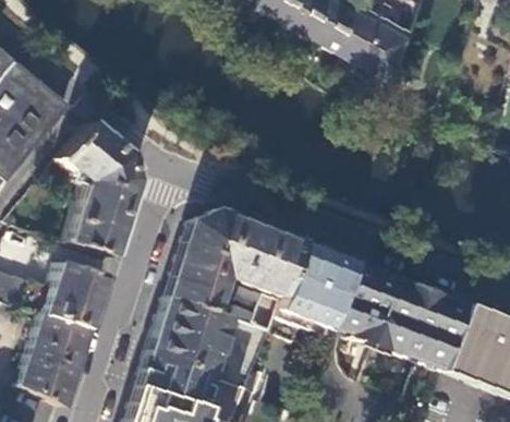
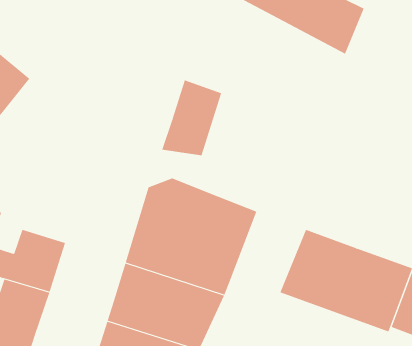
building: none -> [161,79,222,156]
building: [56,122,133,256] -> none
building: [272,243,351,327] -> none

